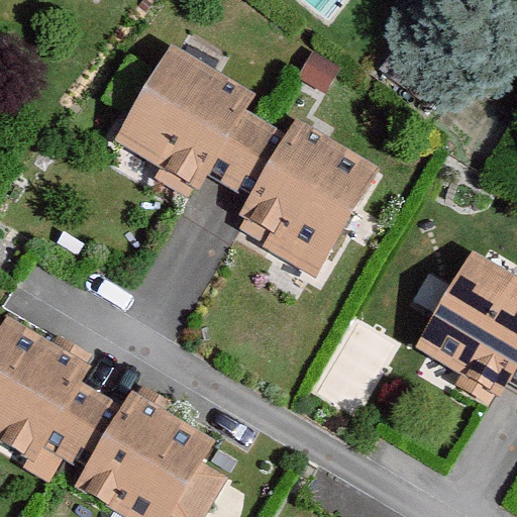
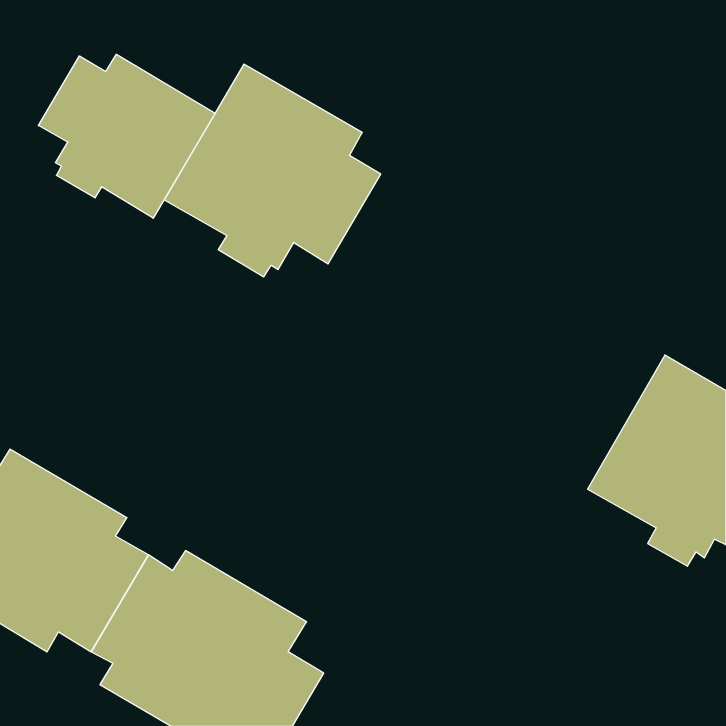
building: none -> [38,54,215,218]
building: [232,121,378,278] -> none

